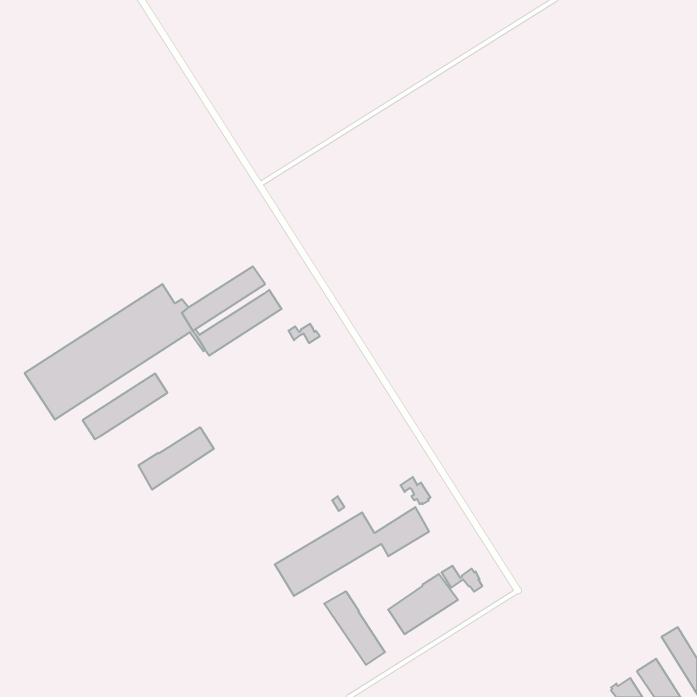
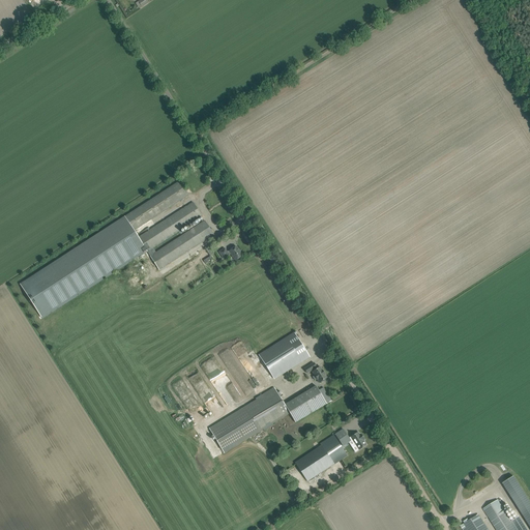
building: [83,374,167,439] -> [123,180,187,230]
building: [139,427,214,490] -> none
building: none -> [259,333,307,376]
building: [324,591,385,665] -> none

